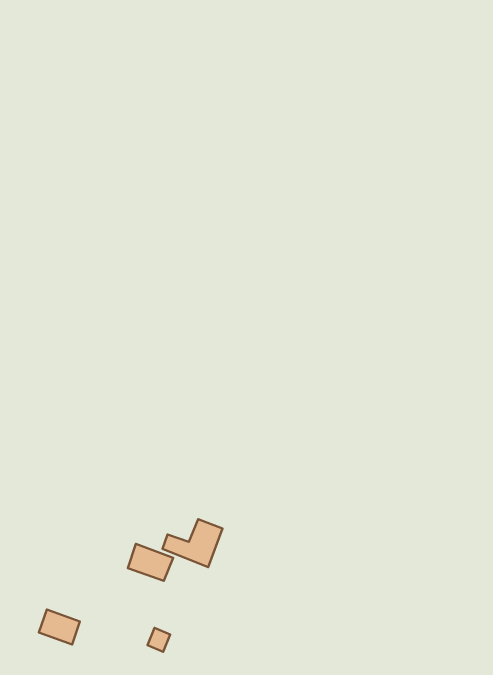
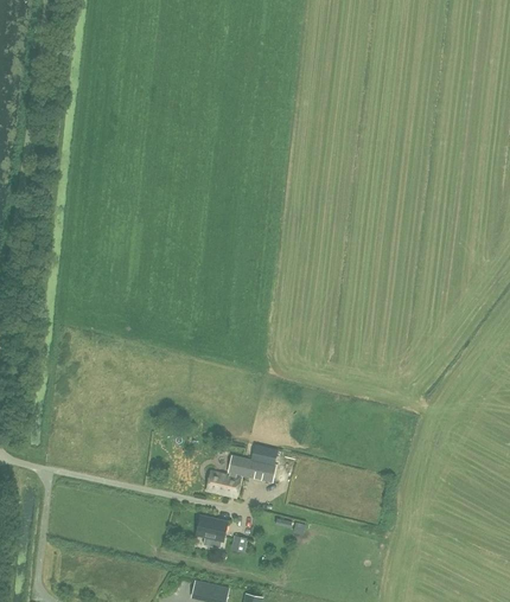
building: [39,609,80,645] -> [195,514,225,539]

